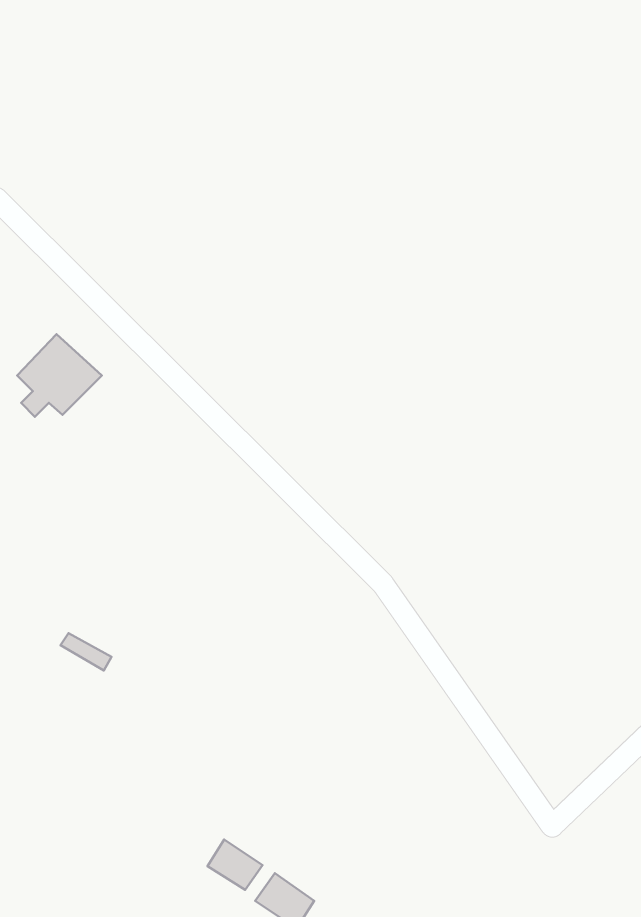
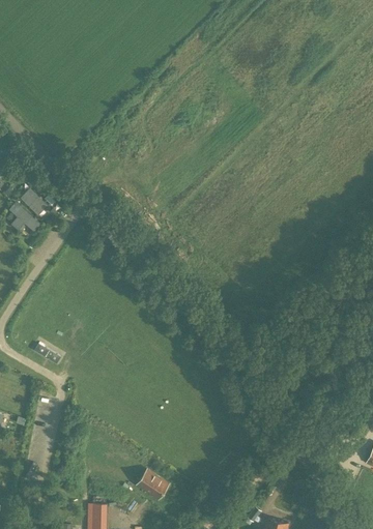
building: [208,839,262,890] -> none

